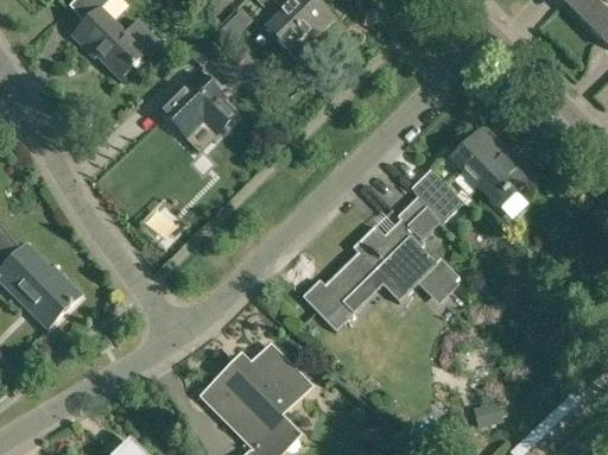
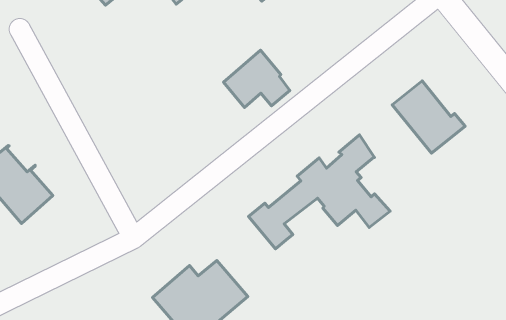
building: [159,70,234,135] -> [223,50,290,108]
building: [410,170,460,222] -> none

